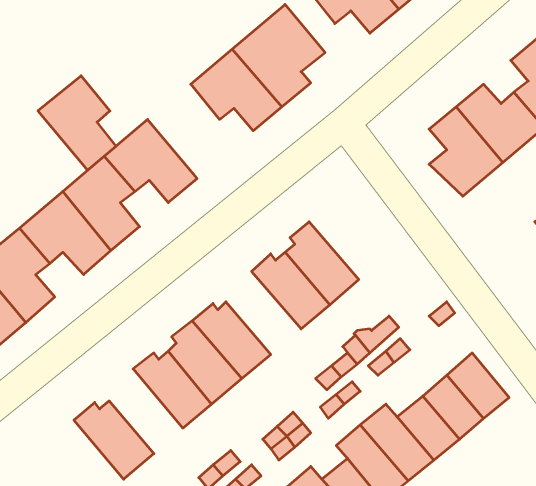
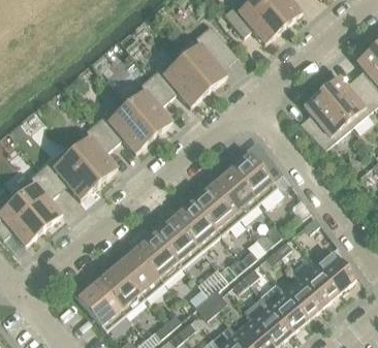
building: [38,76,116,170] -> [121,77,171,138]
building: none -> [225,154,282,207]
building: none -> [171,198,220,252]
building: none -> [96,261,144,316]

